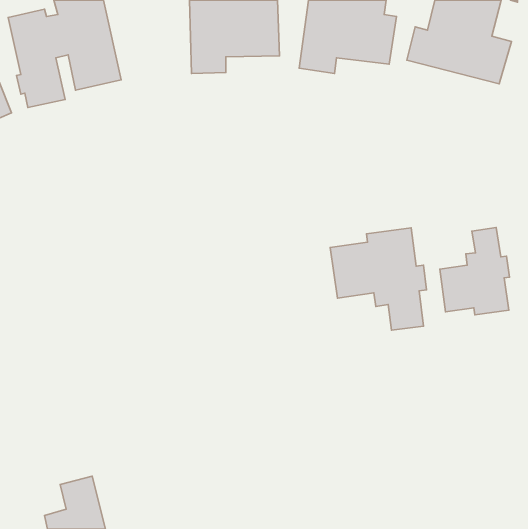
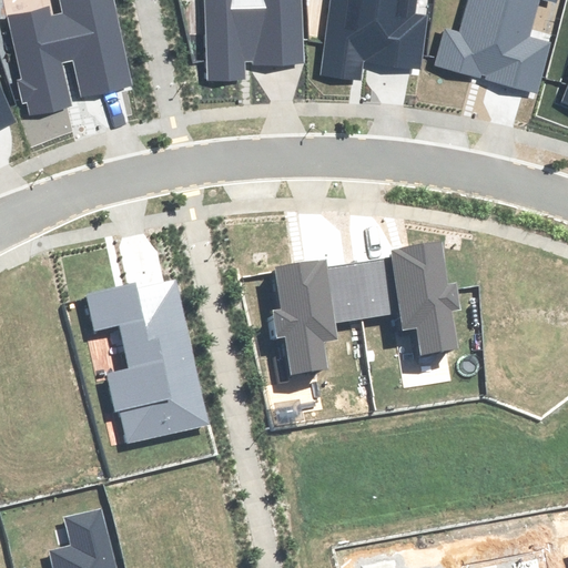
building: [440,227,510,315] -> none
building: none -> [275,260,362,372]
building: none -> [87,278,209,443]

